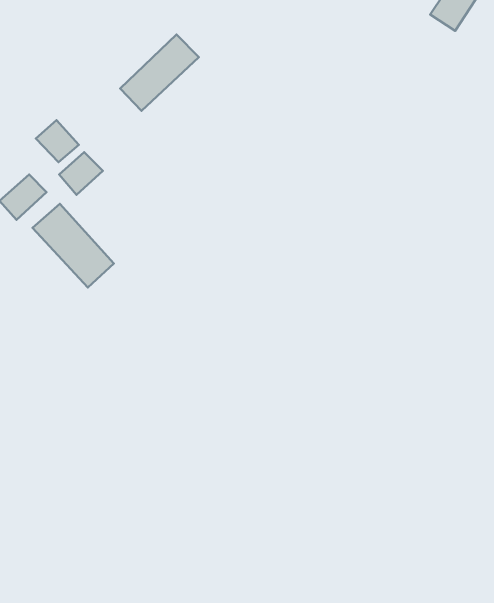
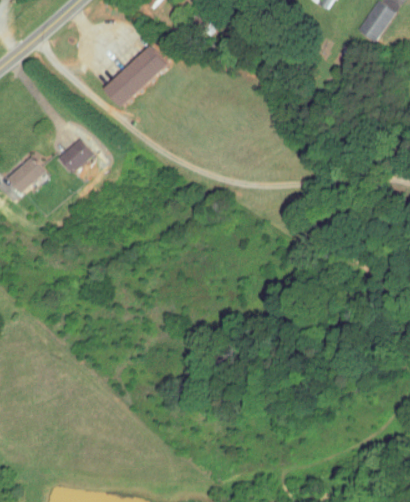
building: [36,120,79,162] -> none
building: [33,204,114,287] -> none

